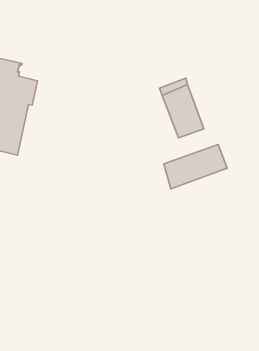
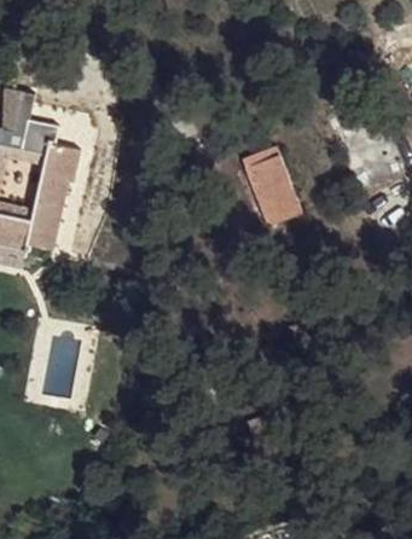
building: [164,145,227,189] -> none

